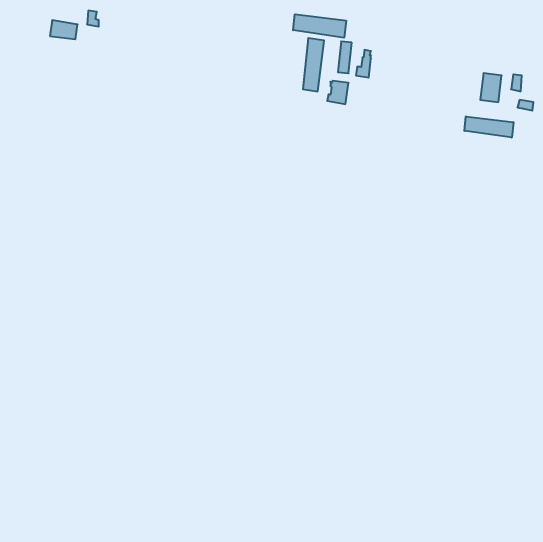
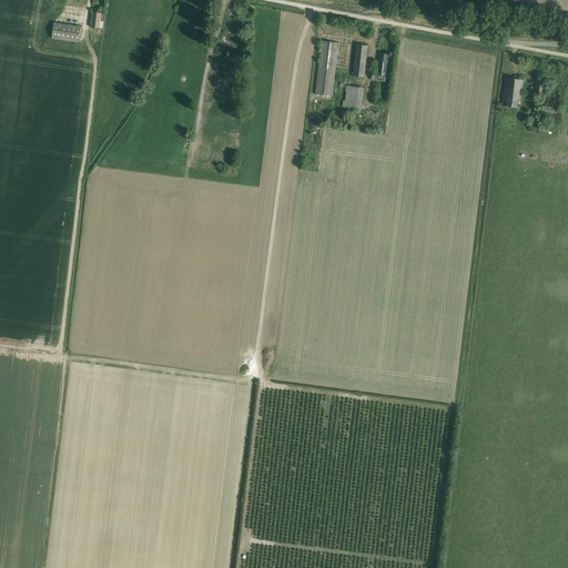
building: [293,14,346,38] -> none
building: [464,116,513,138] -> none

